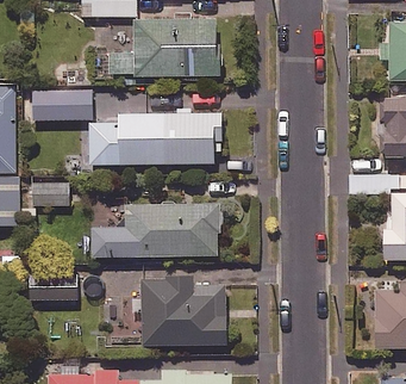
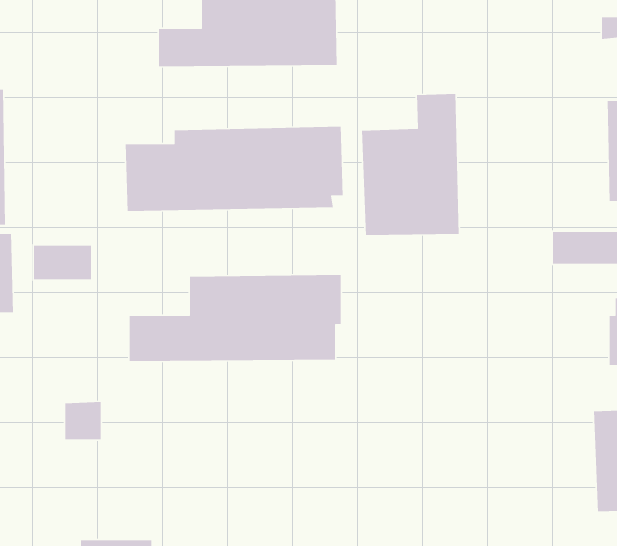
building: [33,91,92,122] -> none
building: none -> [361,93,459,236]
building: [131,275,226,347] -> none

